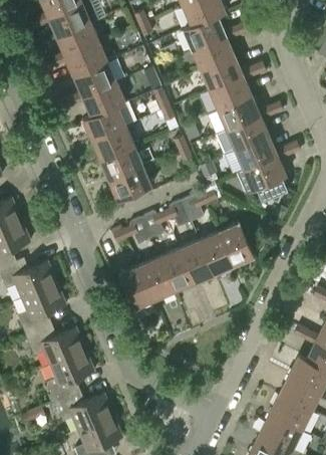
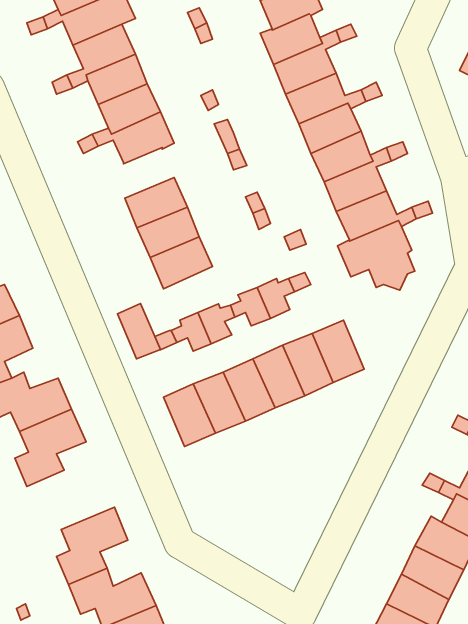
building: [83,106,125,141] -> none
building: none -> [118,304,160,359]
building: [26,324,85,365] -> none

